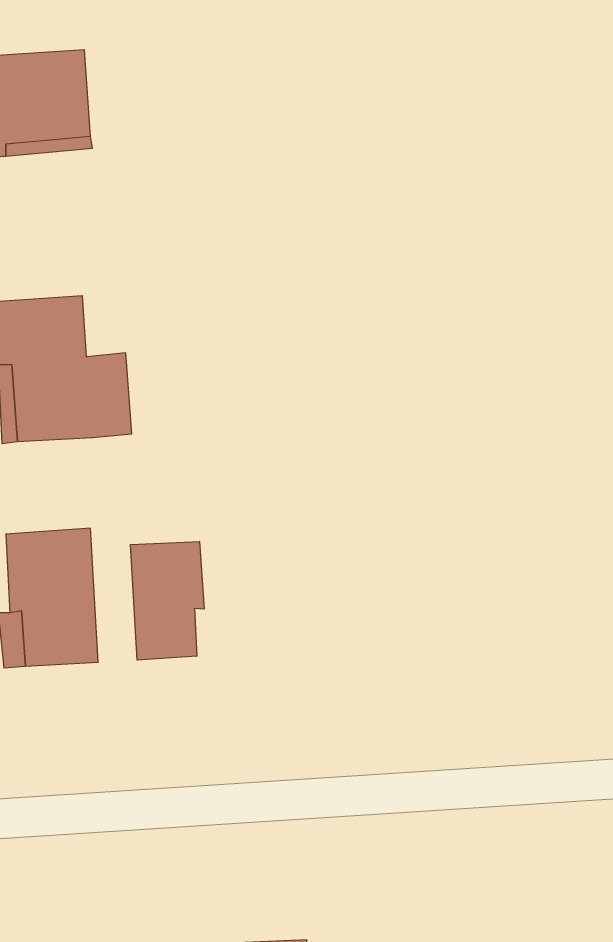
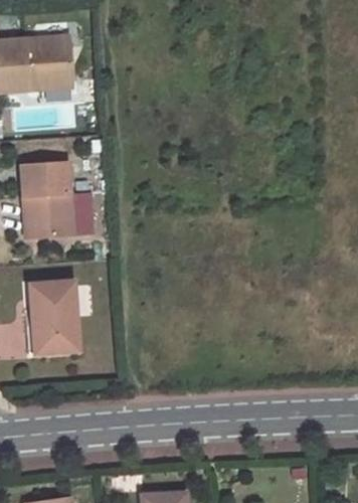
building: [130,541,204,660] -> none

